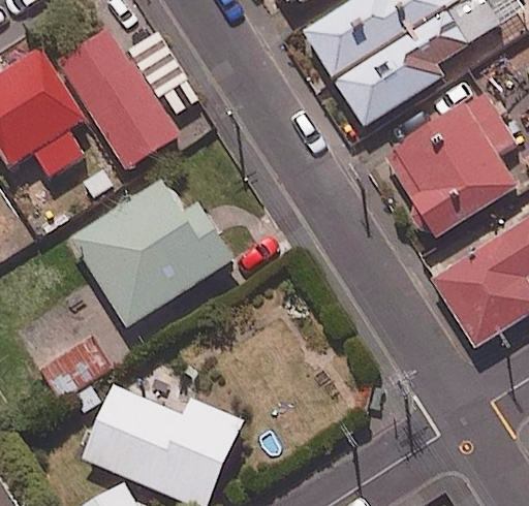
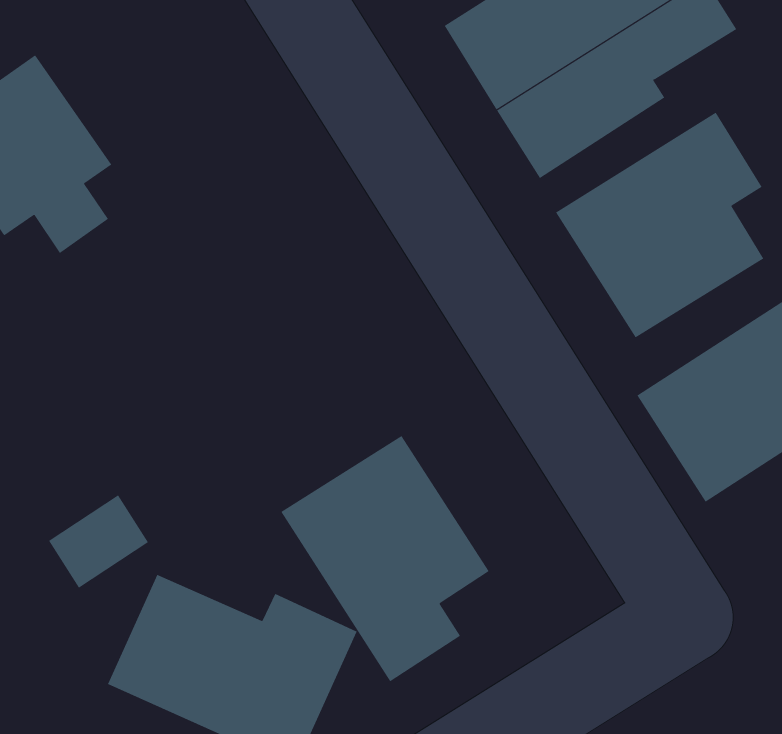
building: [60,29,181,171] -> none
building: [71,183,235,329] -> none
building: none -> [281,435,489,682]

